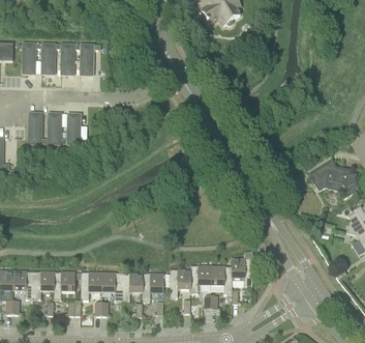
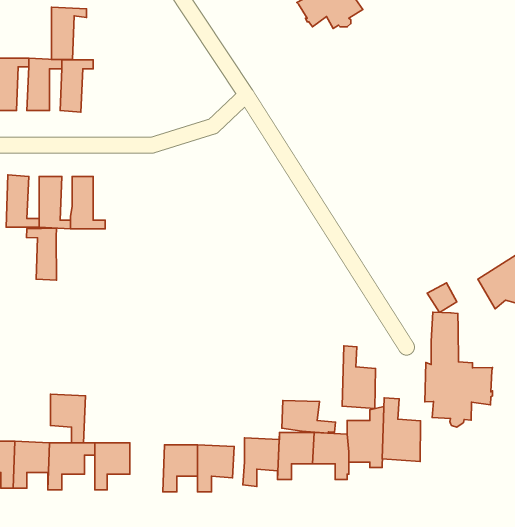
building: [81,44,101,75] -> [52,7,86,59]
building: none -> [27,228,56,280]
building: none -> [425,312,493,427]
building: none -> [342,346,376,409]
building: none -> [382,398,421,462]
building: none -> [282,400,336,433]
building: [102,271,123,301] -> [51,394,85,443]

